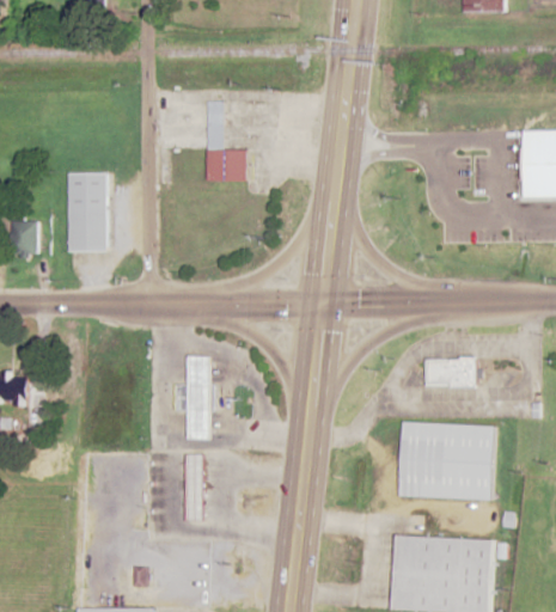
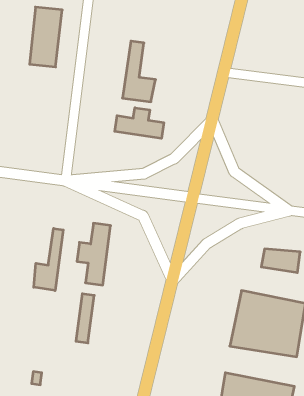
building: [68,173,106,253] -> [30,7,62,67]
building: none -> [115,108,164,138]
building: none -> [34,228,63,291]

